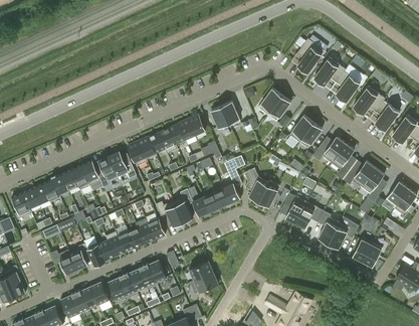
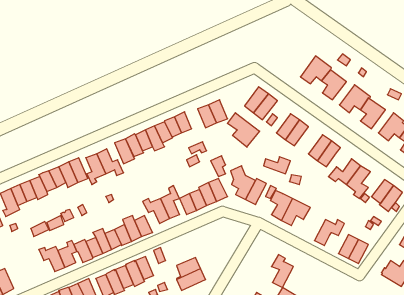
building: [296,34,328,73] -> none
building: none -> [227,113,260,147]
building: [317,210,339,243] -> [271,255,293,287]

